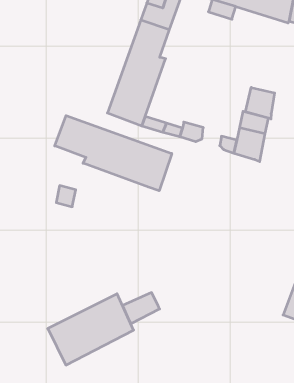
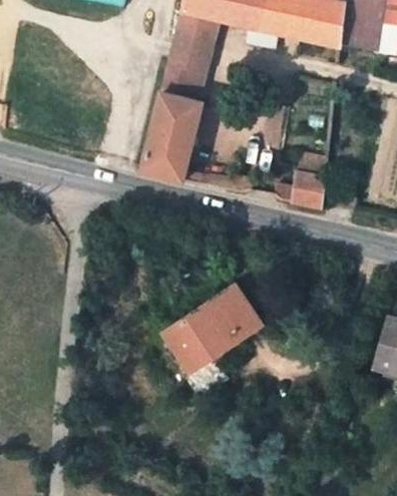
building: [246,87,275,119] -> none
building: [55,116,172,191] -> none
building: [48,294,134,365] -> [162,285,262,373]

